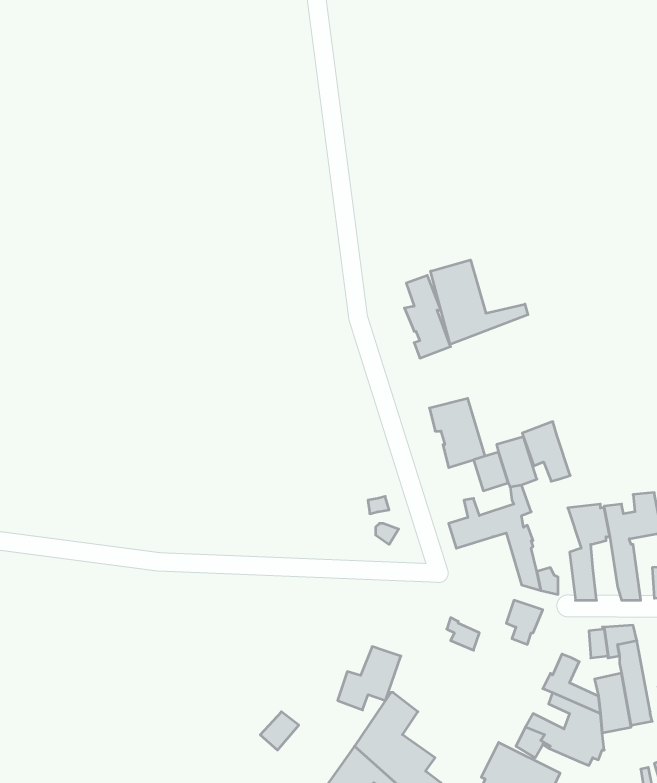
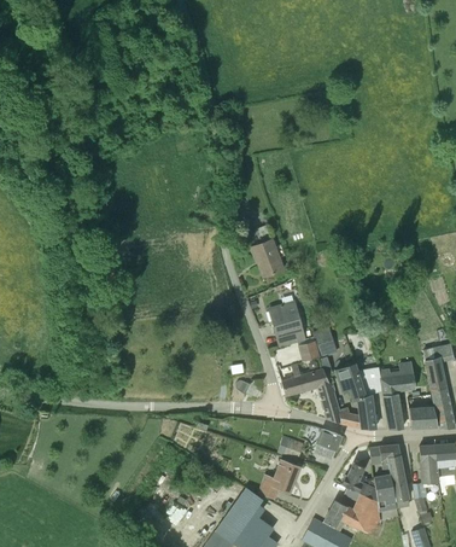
building: [431,260,528,345] -> none
building: [522,422,570,481] -> [335,362,366,400]
building: [338,647,401,710] -> [259,459,299,499]

